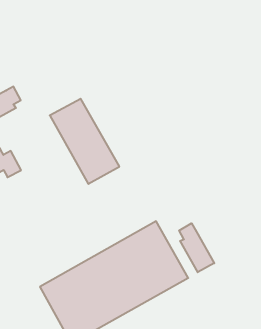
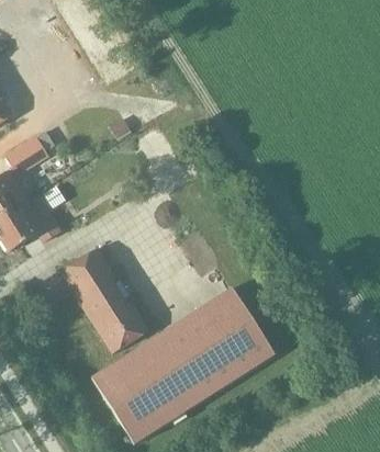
building: [50,99,119,184] -> [60,247,150,352]
building: [179,223,214,272] -> none

